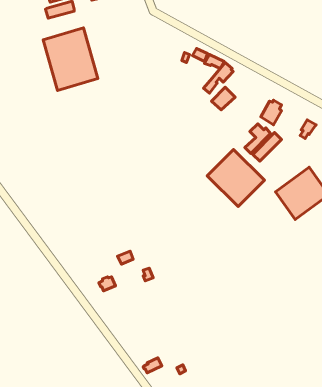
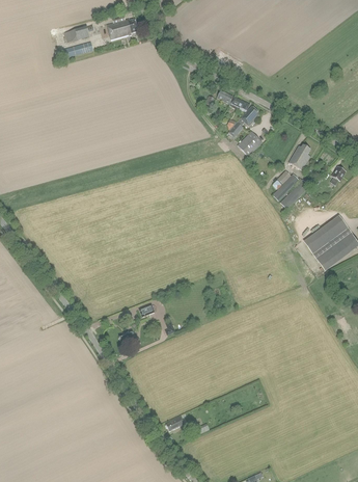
building: [43,28,98,91] -> none
building: [207,150,265,206] -> none

